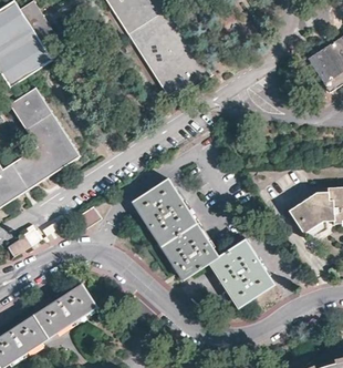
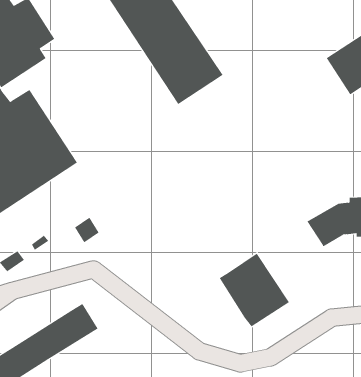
building: [131,178,217,279] -> none

